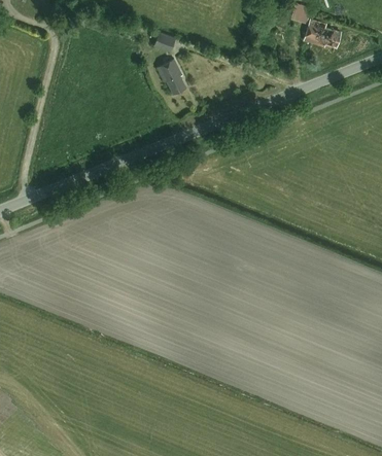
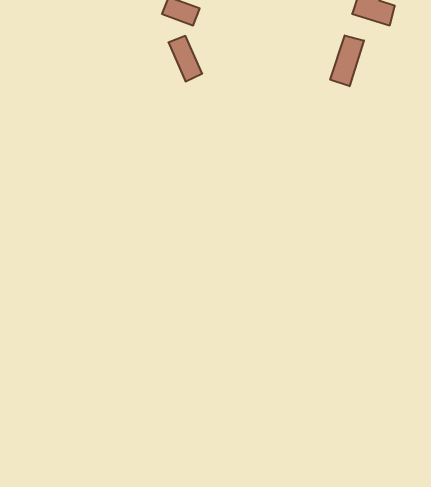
building: none -> [330,35,364,86]

